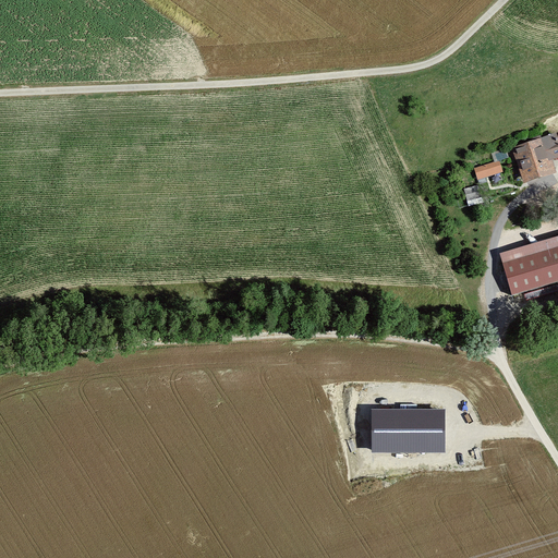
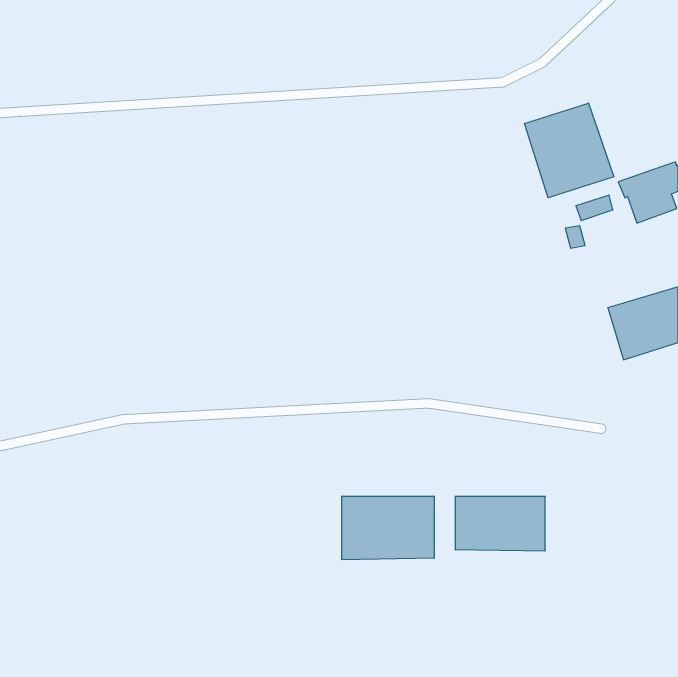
building: none -> [525,103,614,198]
building: none -> [342,496,434,560]

